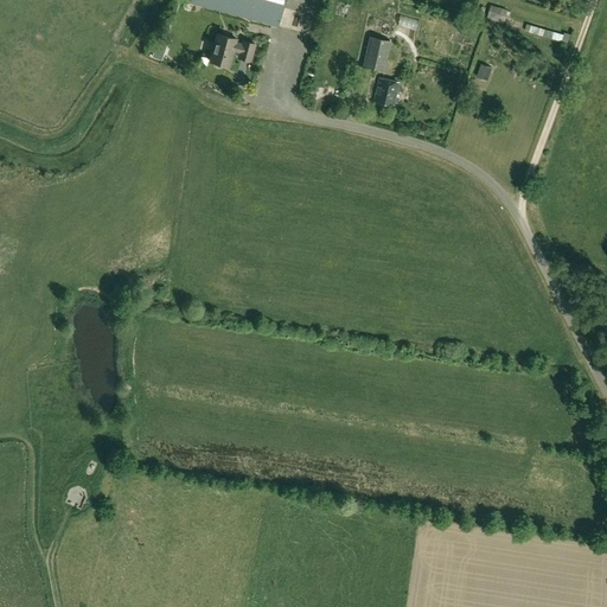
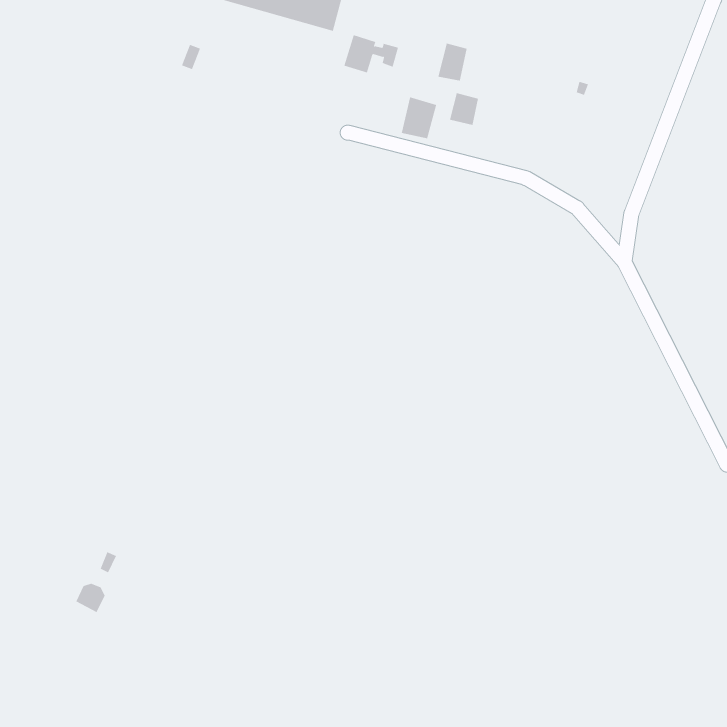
building: [209,33,255,65] -> [343,35,399,73]
building: none -> [401,97,437,139]

